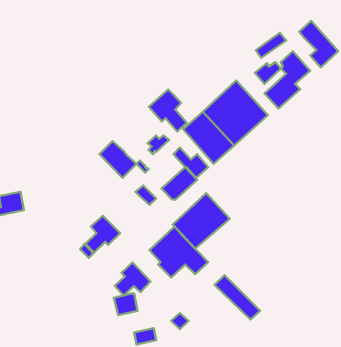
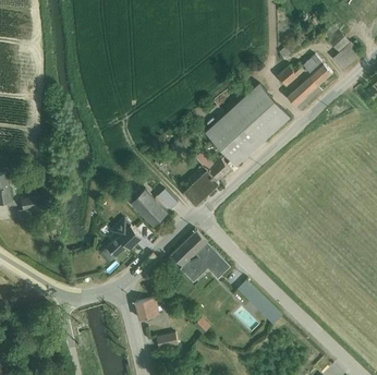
building: [149,90,187,131] -> none
building: [100,141,136,178] -> [131,189,168,226]
building: [173,193,230,249] -> none
building: [115,263,150,295] -> none

